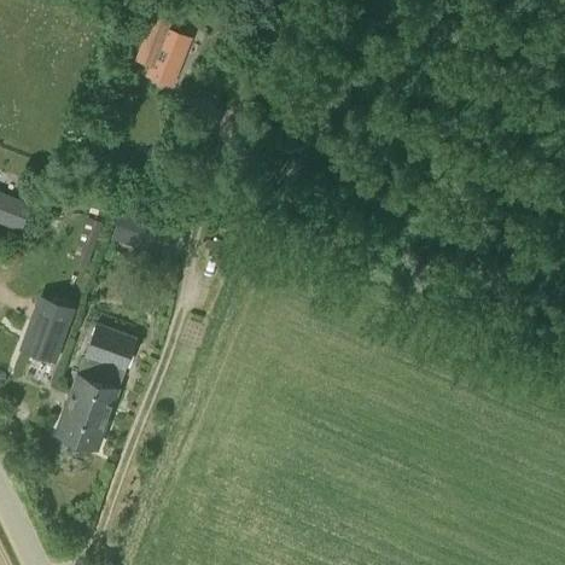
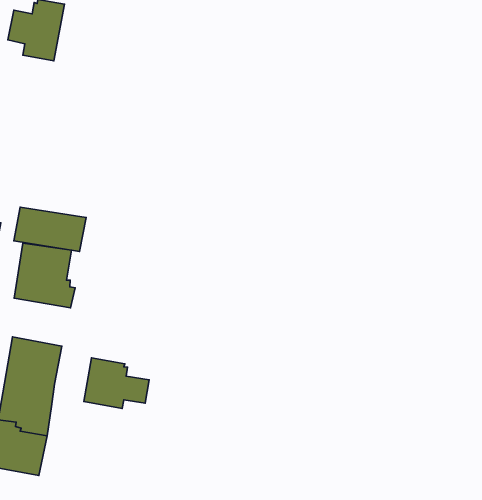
building: none -> [14,243,75,308]
building: none -> [84,358,149,409]

